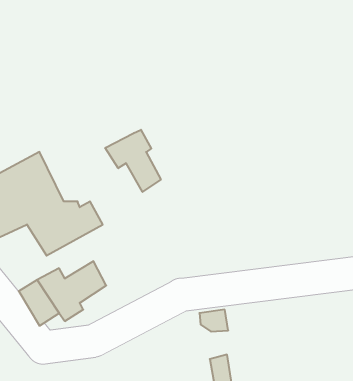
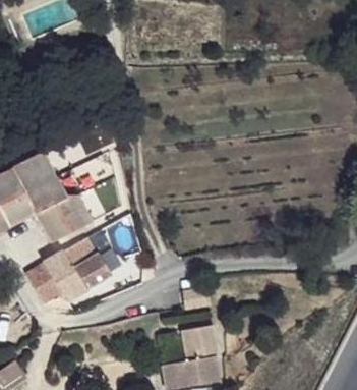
building: [105,130,161,192] -> none

